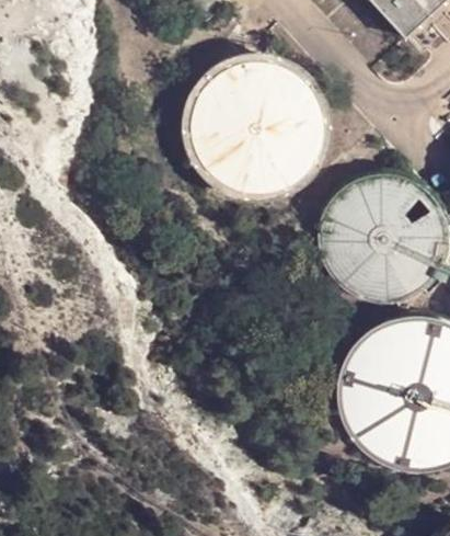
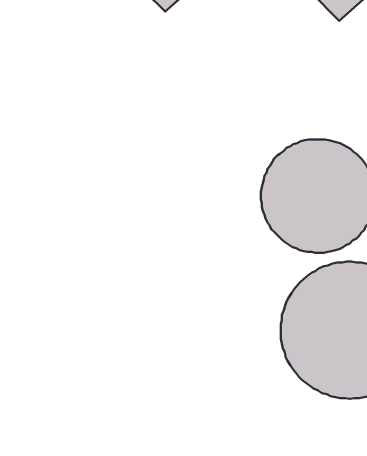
building: [186,61,324,199] -> none

